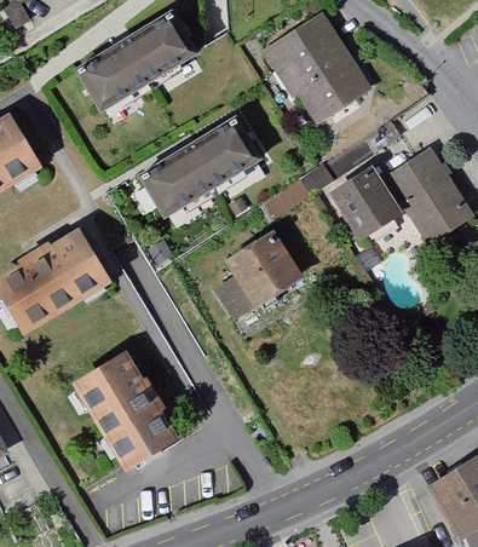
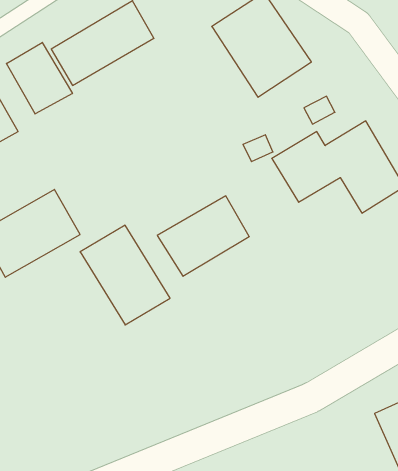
building: none -> [6,42,72,114]
building: [132,117,264,230] -> none
building: [76,350,178,462] -> [80,225,170,325]

